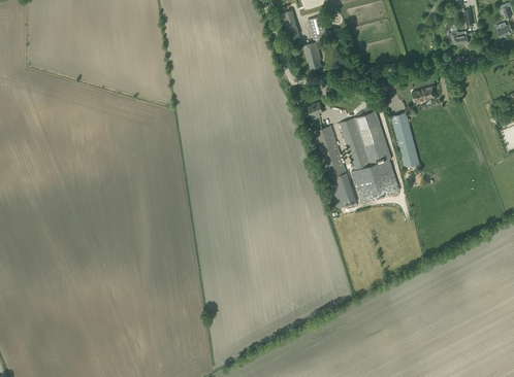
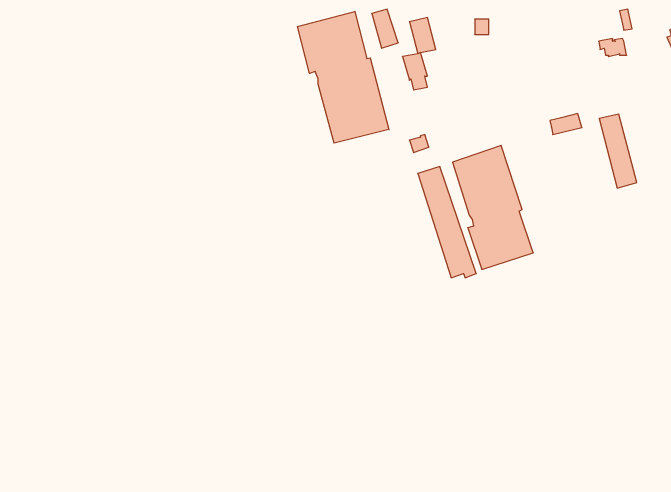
building: none -> [297,11,389,143]
building: [391,112,419,167] -> [599,114,637,188]

